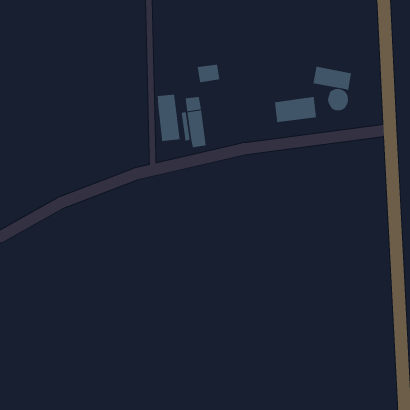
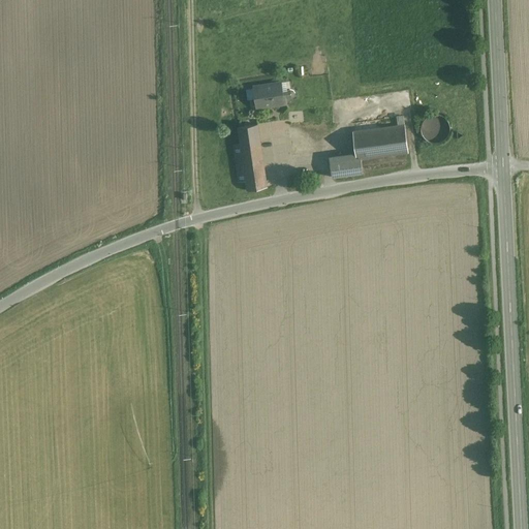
building: [313,66,352,91] -> none
building: [157,94,180,142] -> none
building: none -> [329,157,362,177]

